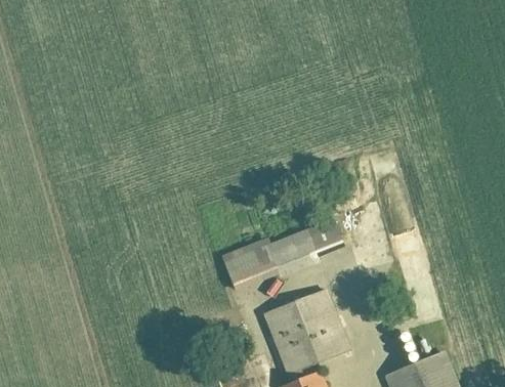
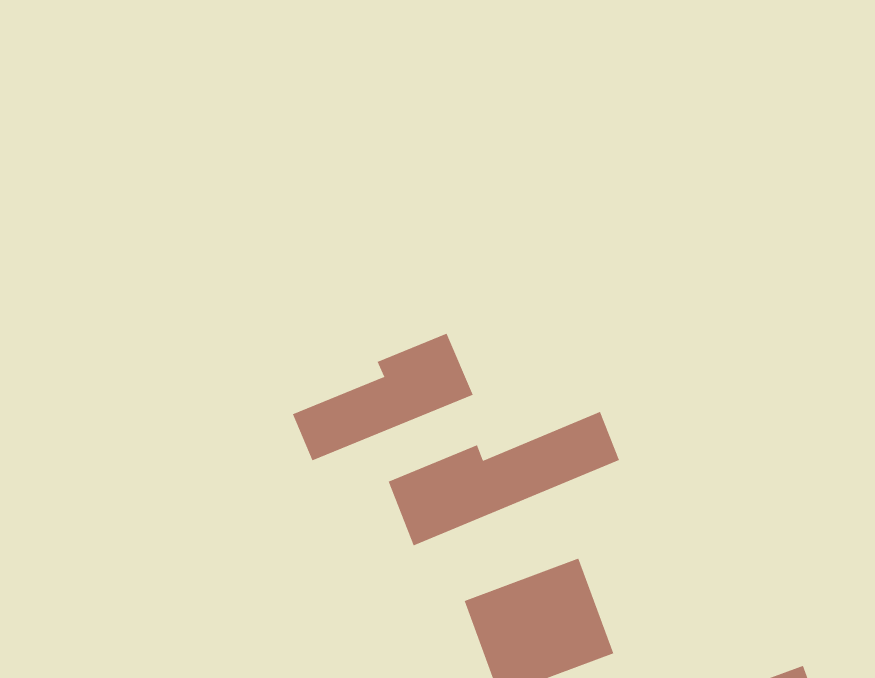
building: none -> [292,333,473,461]

